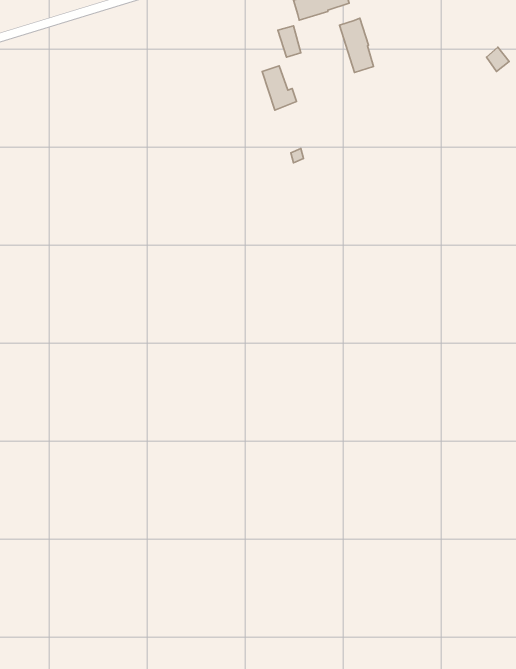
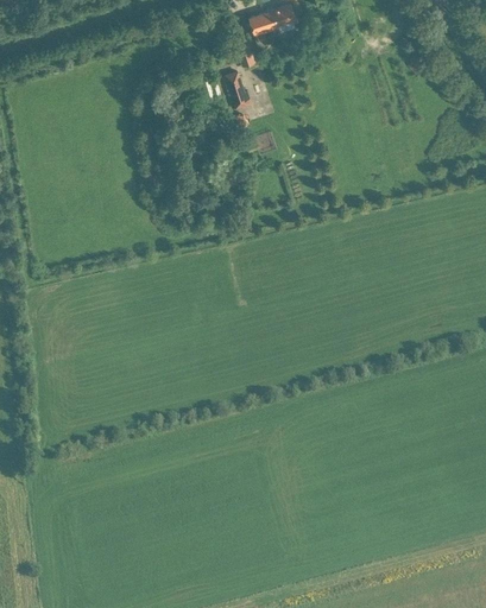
building: [340,18,373,72] -> none

